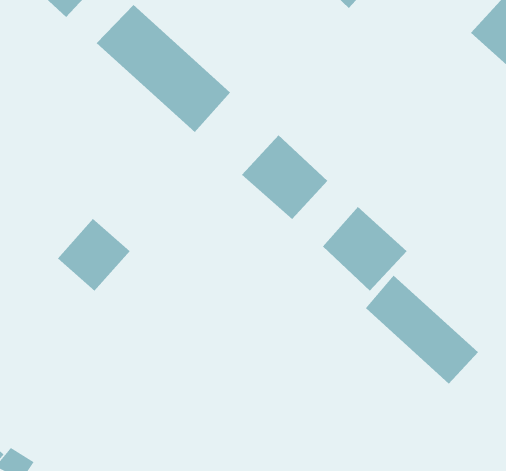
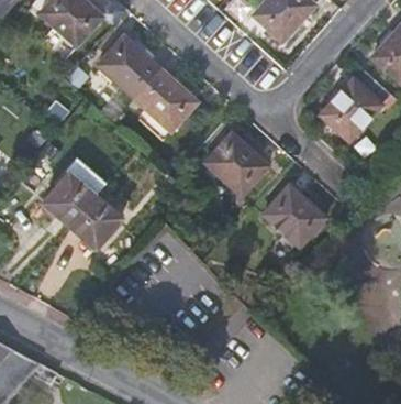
building: none -> [320,79,381,142]
building: none -> [42,155,105,225]
building: [365,275,479,384] -> none

